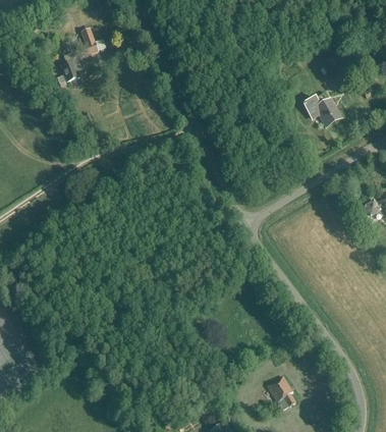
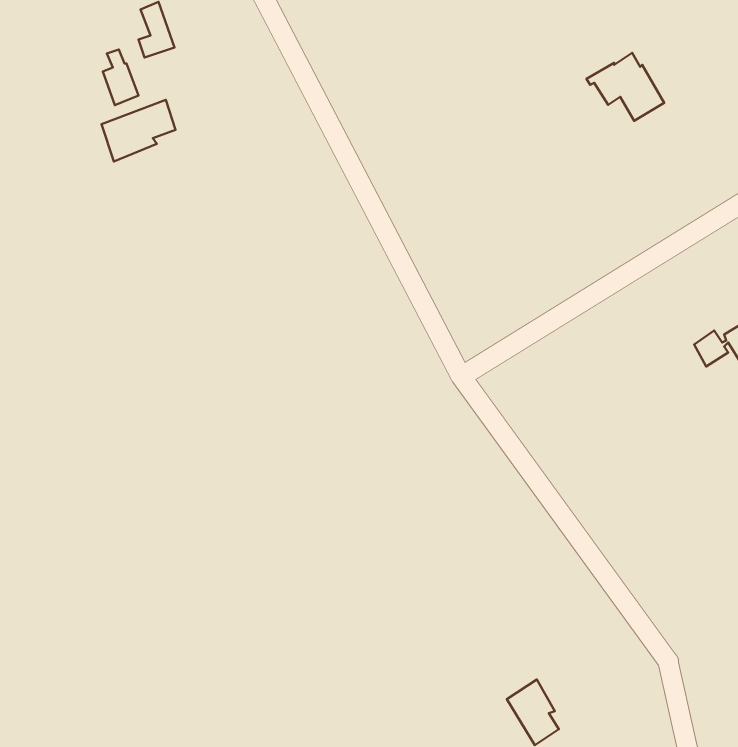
building: none -> [102,100,175,162]
building: [300,91,340,125] -> [586,53,664,121]

